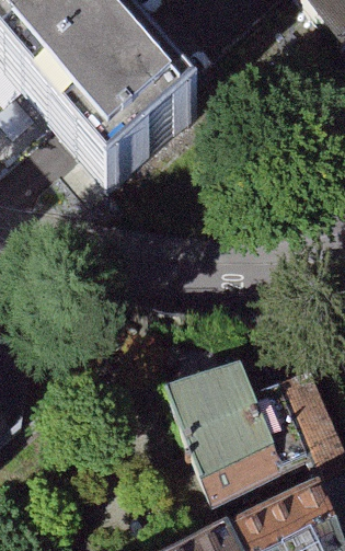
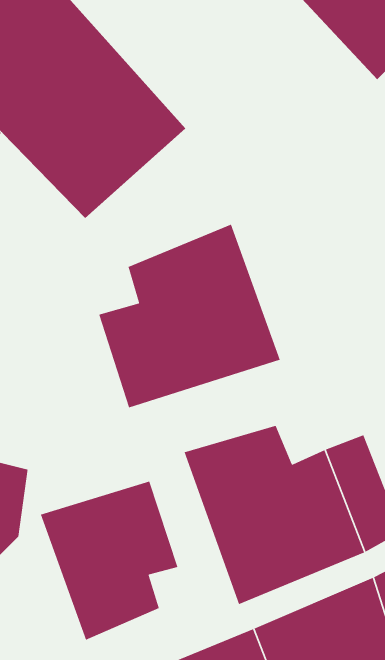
building: none -> [98,223,281,408]
building: none -> [40,480,178,641]

